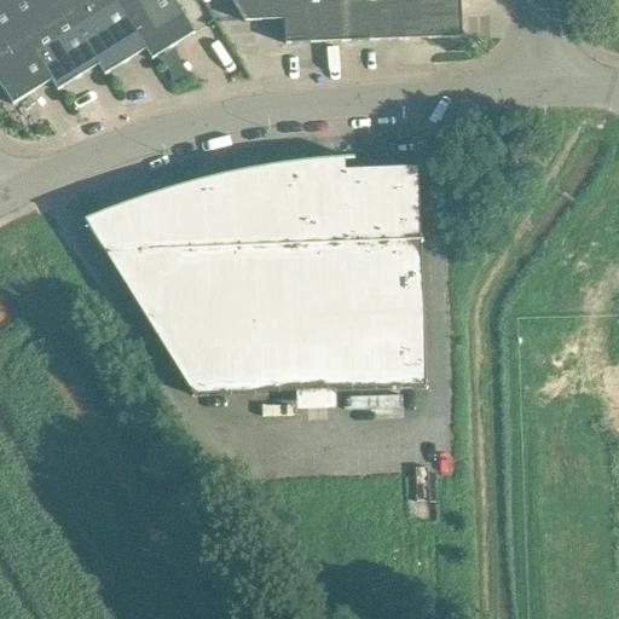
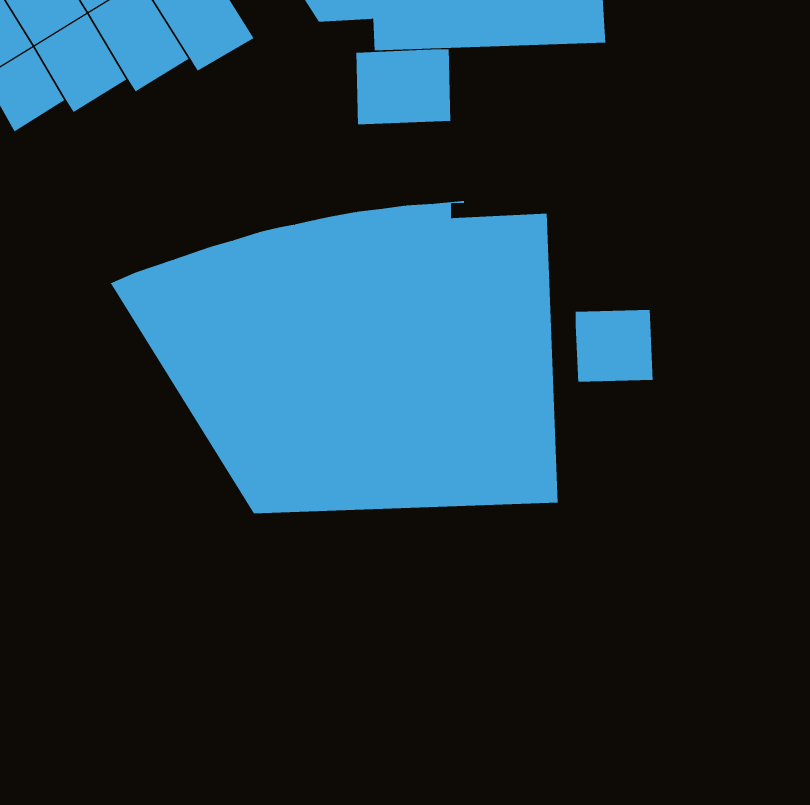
building: none -> [356,49,451,125]
building: none -> [575,309,653,383]

